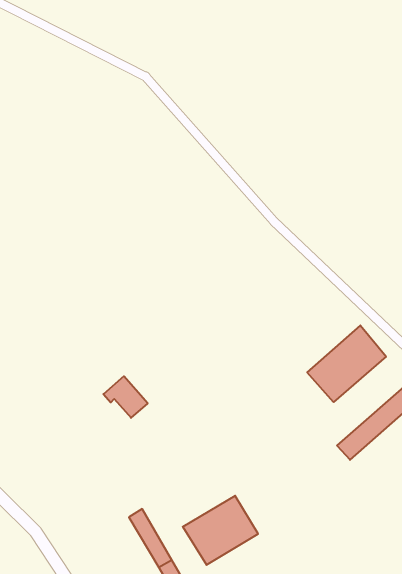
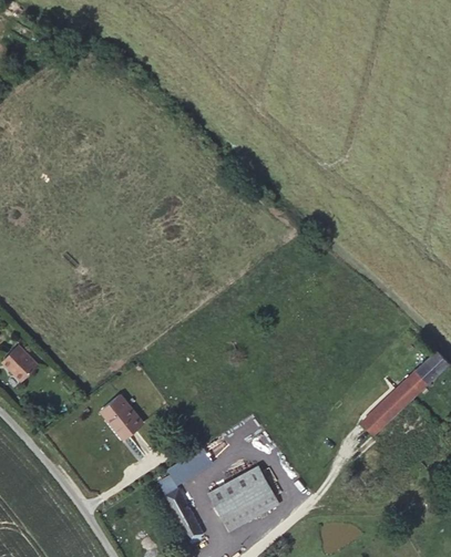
building: [307,325,386,402] -> none
building: [103,376,148,418] -> [93,392,134,431]

